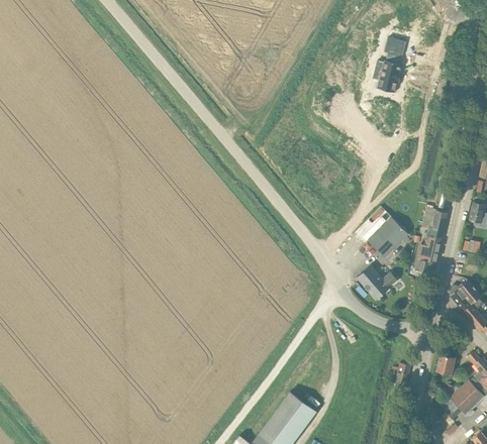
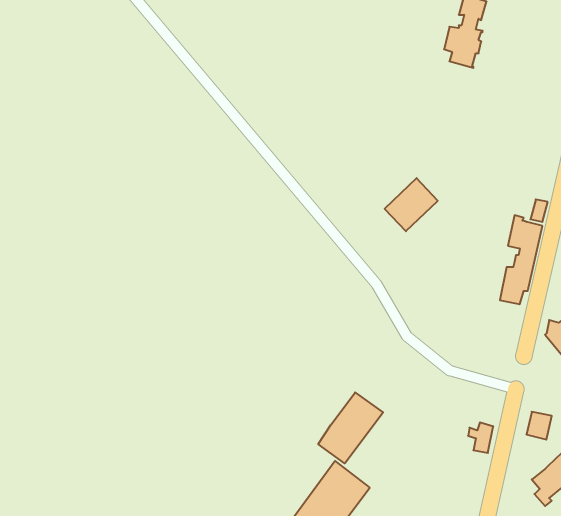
building: [367,216,407,256] -> [385,178,438,231]
building: [357,263,397,299] -> none
building: none -> [318,392,383,463]

